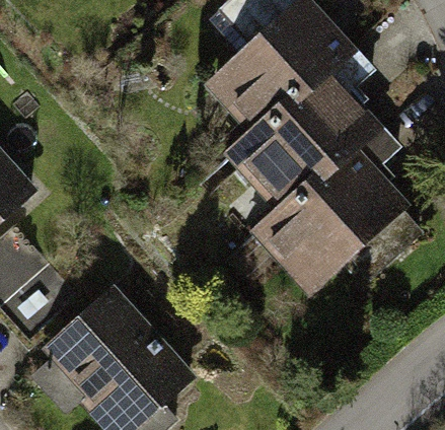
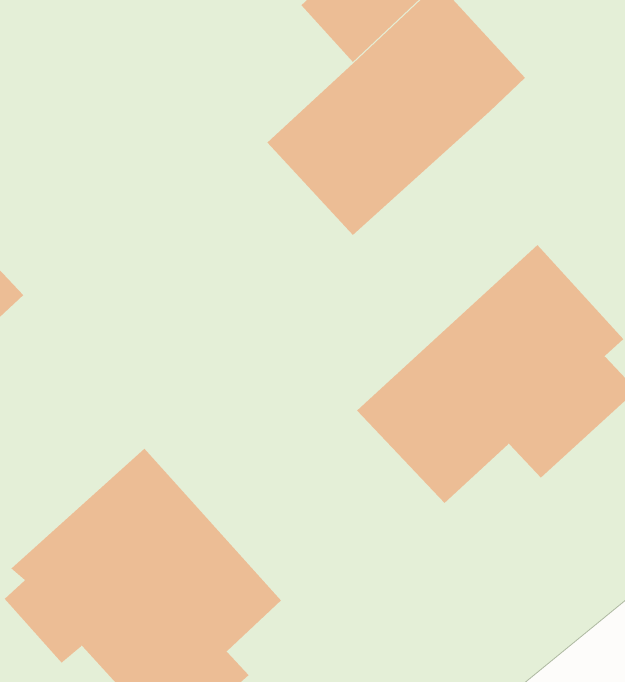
building: [222,74,383,230] -> none

